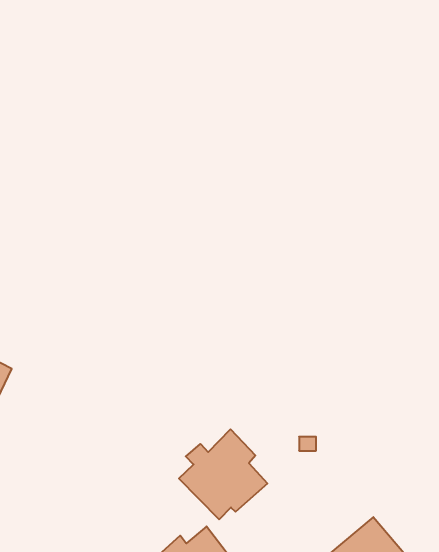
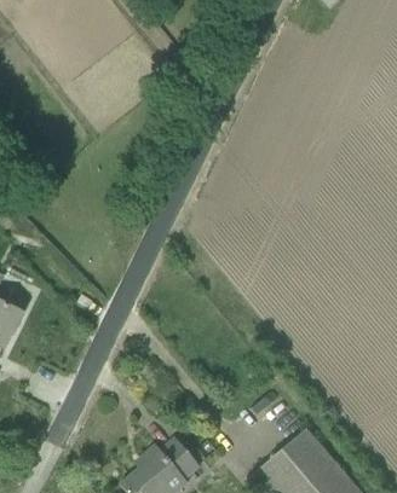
building: [179,429,267,519] -> none

